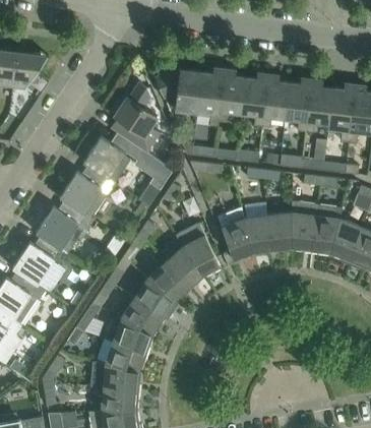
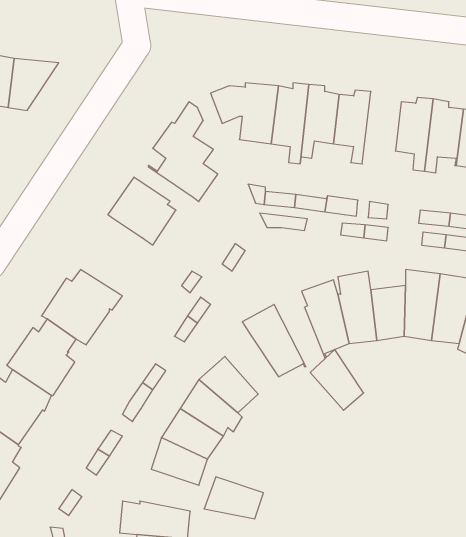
building: [261,76,289,128] -> none
building: [132,150,173,190] -> none
building: [59,166,107,219] -> none
building: [165,246,202,289] -> [310,349,364,410]
building: [105,342,146,371] -> [204,477,263,519]

